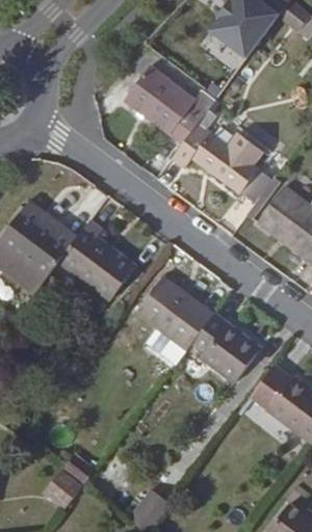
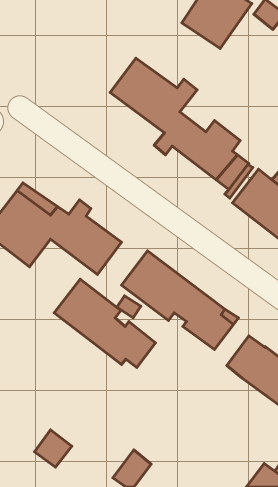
building: none -> [54,279,155,368]

